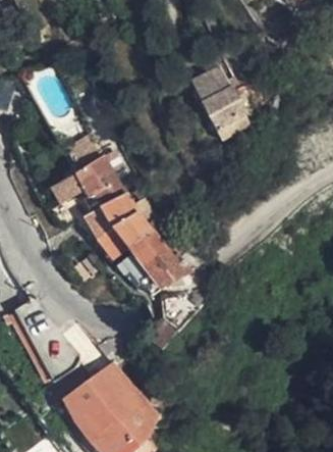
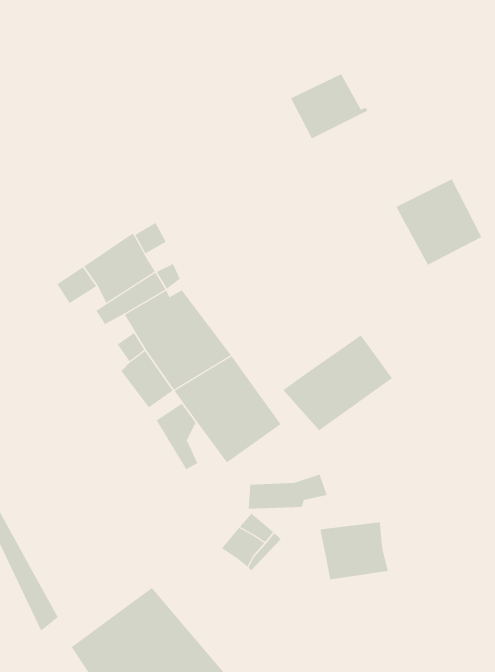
building: [201,86,251,136] -> [396,179,482,265]
building: none -> [283,334,393,431]
building: none -> [320,521,388,580]

